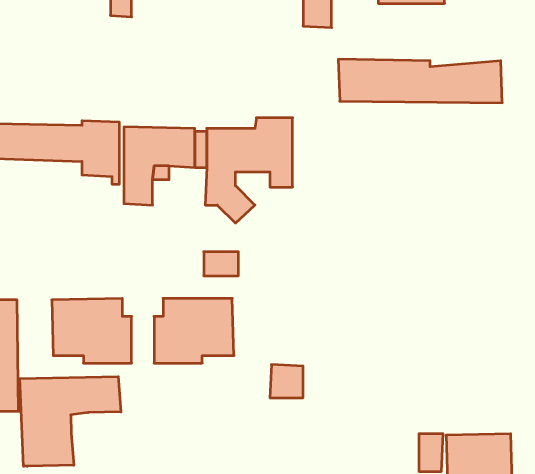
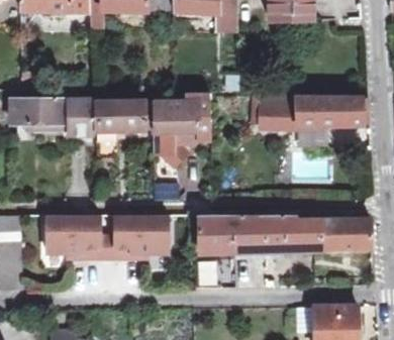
building: [338,59,502,103] -> [258,96,368,125]
building: none -> [201,215,369,252]
building: [20,377,121,466] -> none

